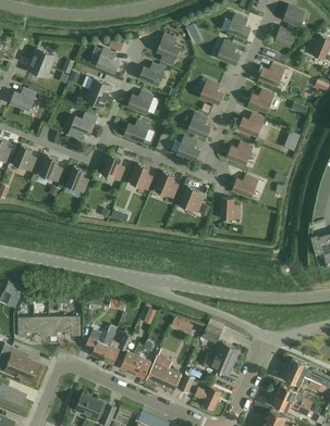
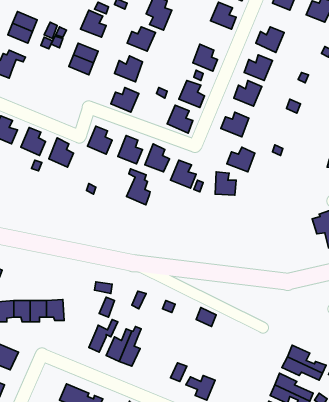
building: [68,112,96,138] -> none
building: none -> [127,169,150,205]
building: [84,329,113,360] -> none
building: [204,341,239,375] -> none
building: [146,354,180,390] -> none

